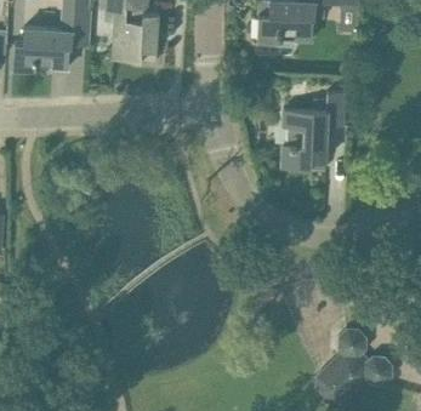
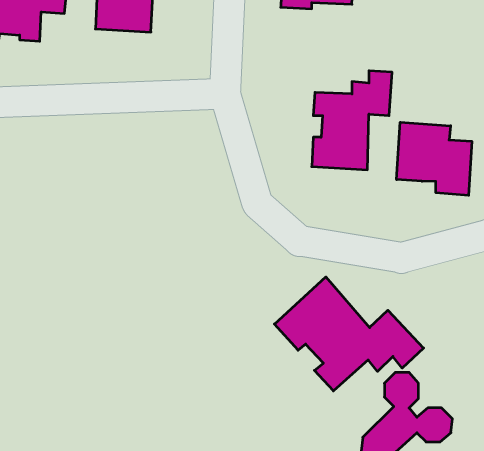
building: none -> [397,122,472,195]
building: none -> [274,277,424,391]

